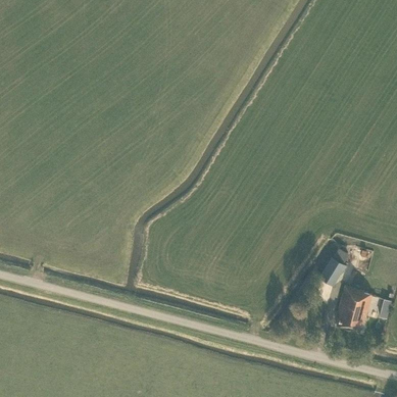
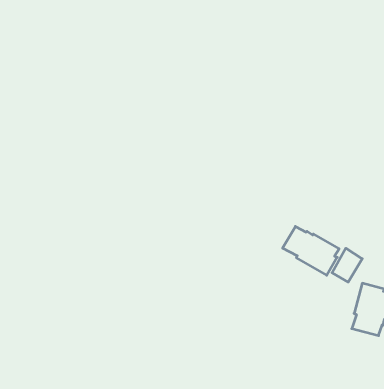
building: none -> [283,226,339,275]

